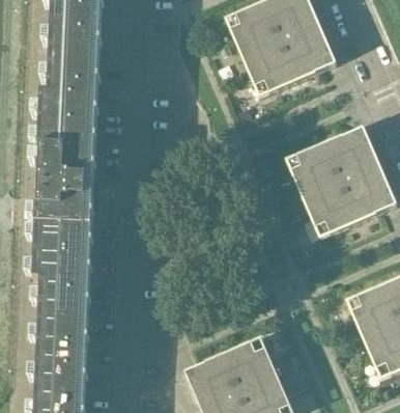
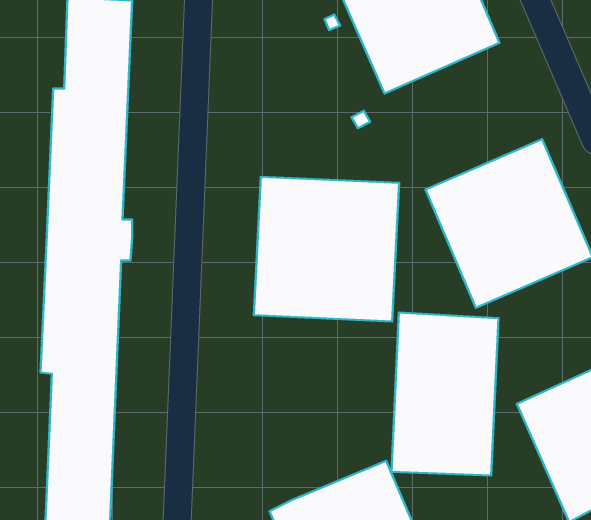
building: none -> [254,177,399,321]
building: none -> [392,313,499,475]

